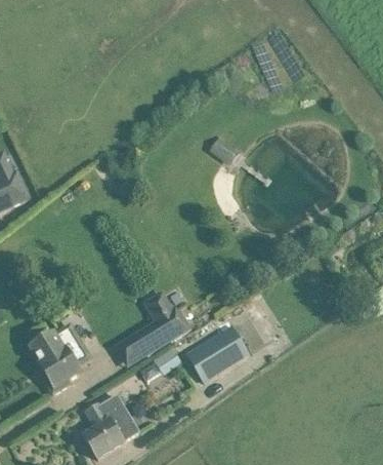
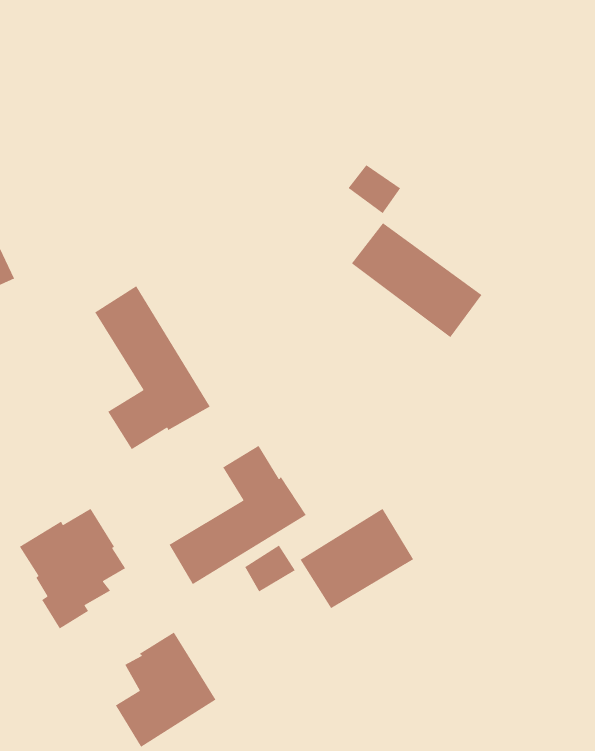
building: none -> [351,222,483,338]
building: none -> [94,285,211,450]

